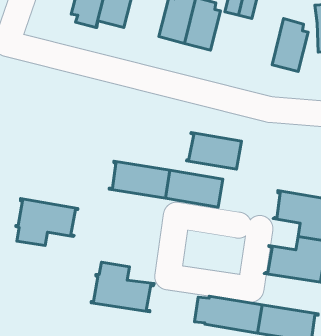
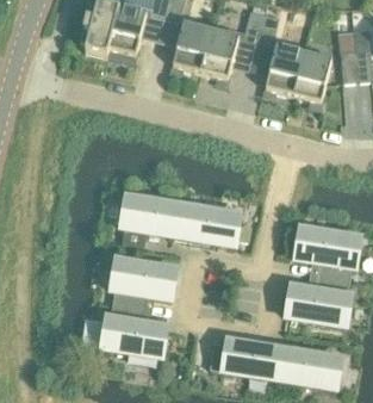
building: none -> [266,41,305,94]
building: [186,132,241,169] -> none
building: [16,198,78,246] -> [111,259,176,309]

